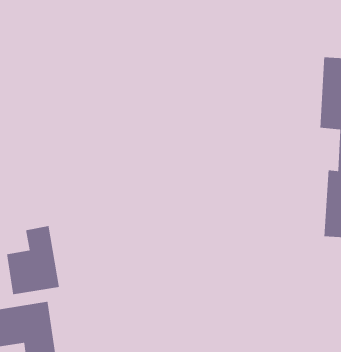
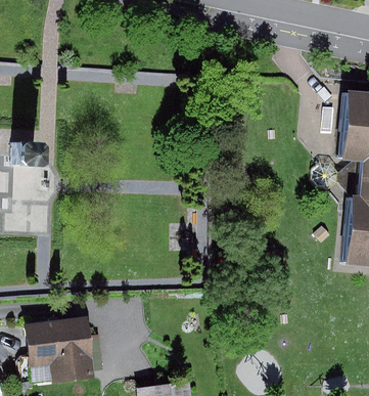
building: [6,225,60,295] -> none

